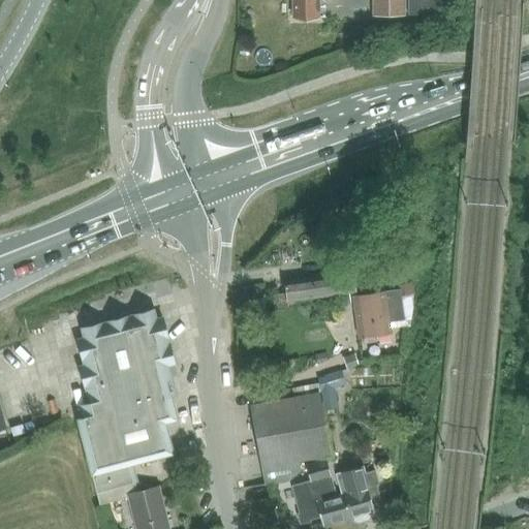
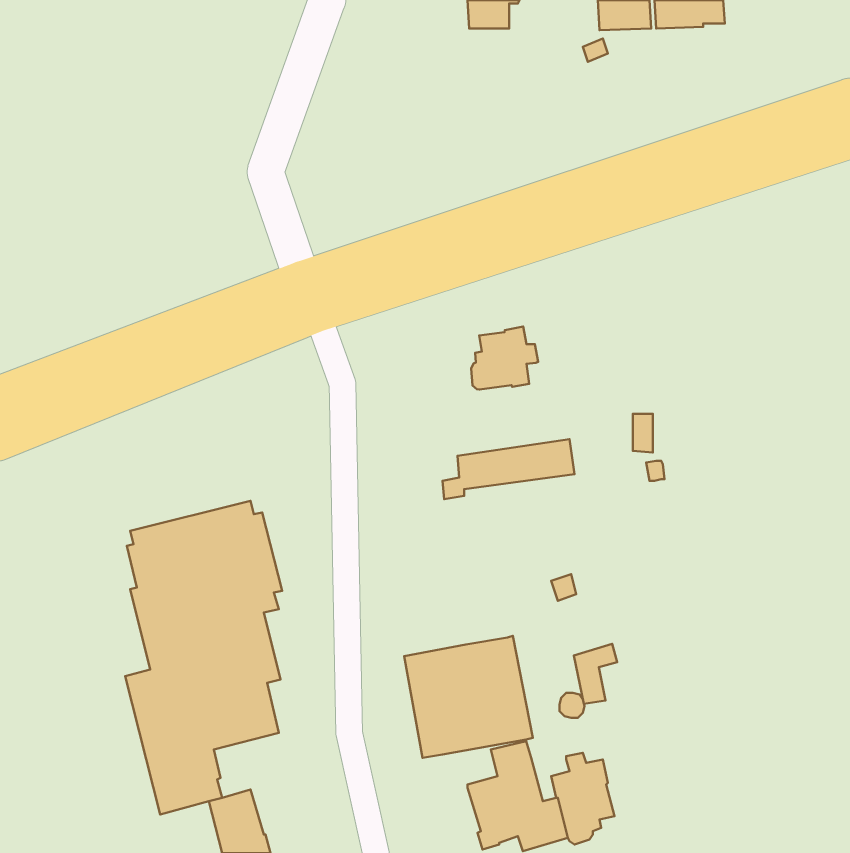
building: none -> [471,327,538,390]
building: [354,289,401,336] -> none
building: [315,372,342,409] -> [574,644,617,704]

